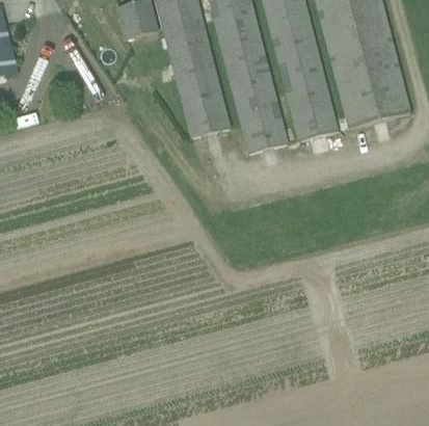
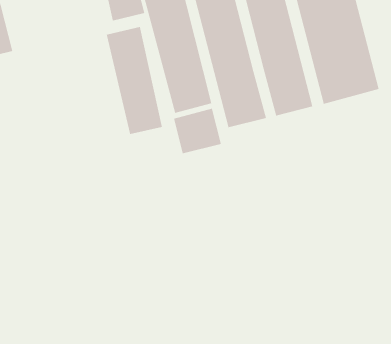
building: none -> [106,26,162,135]
building: none -> [174,108,222,154]

